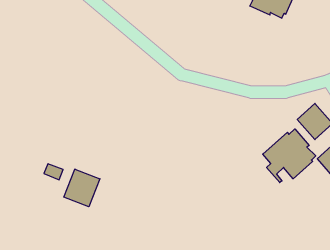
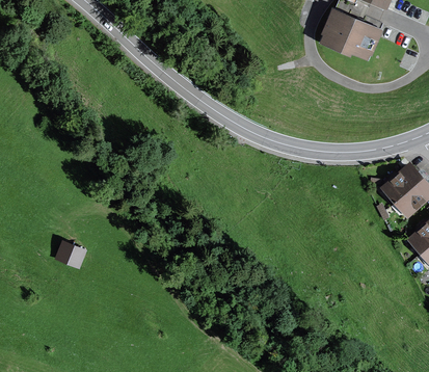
building: [263,129,316,183] -> none
building: [64,169,100,207] -> none

